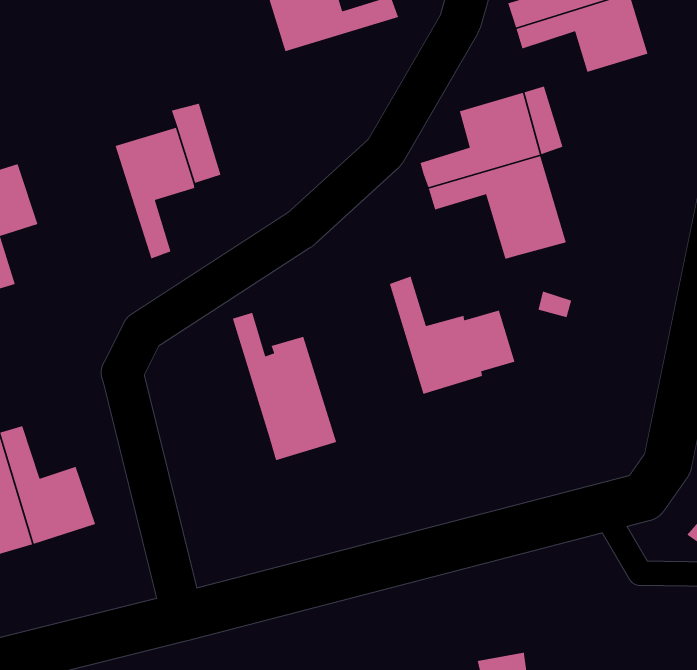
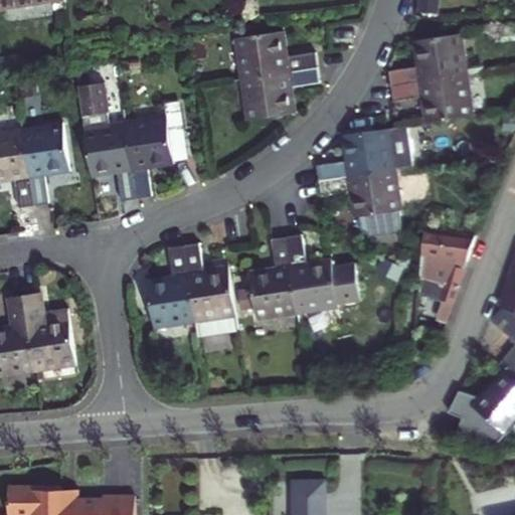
building: none -> [241,68,320,119]
building: none -> [77,85,136,201]
building: none -> [414,238,460,311]
building: none -> [248,237,297,318]
building: none -> [147,244,194,330]

